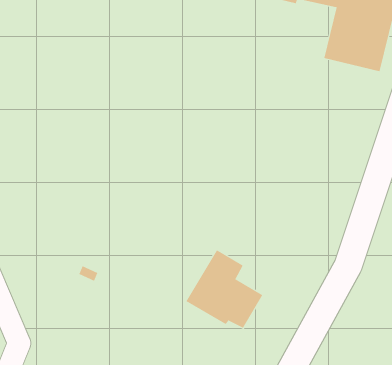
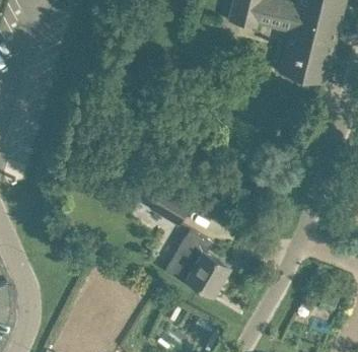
building: none -> [150,191,189,225]

